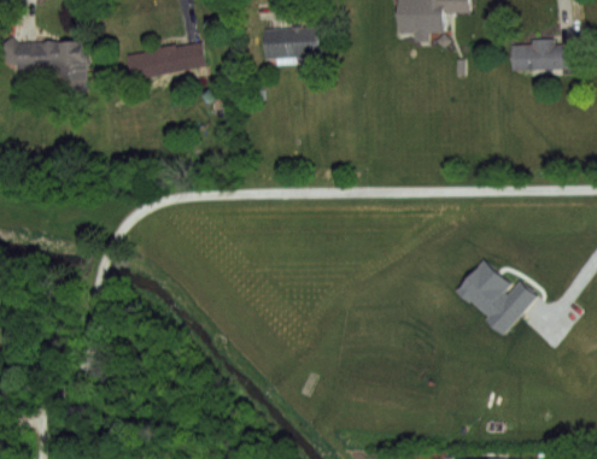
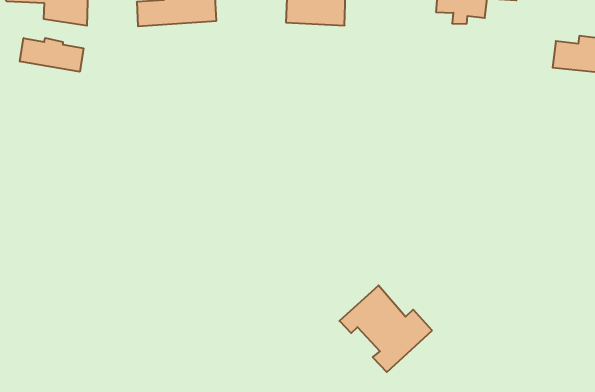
building: none -> [20,38,83,72]
building: [451,259,535,336] -> [339,285,432,372]

